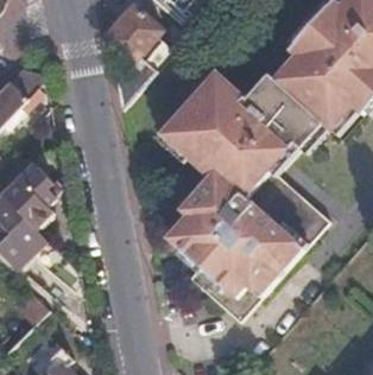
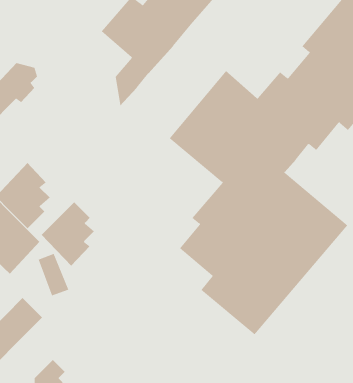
building: none -> [41,201,95,267]

